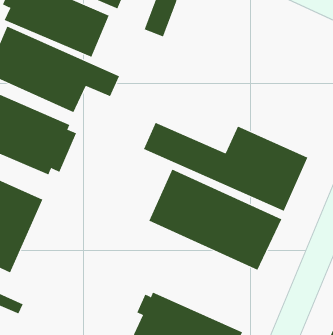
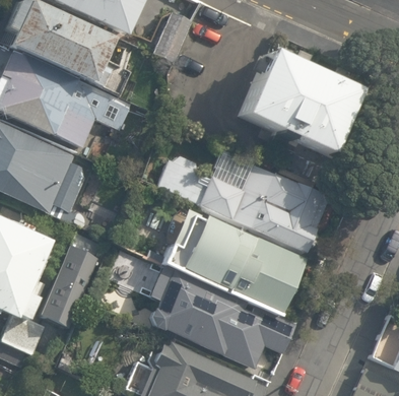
building: none -> [235,49,354,154]
building: none -> [38,243,102,326]
building: none -> [147,263,301,372]

